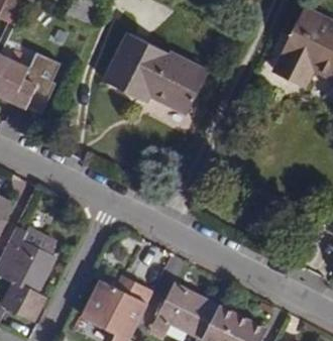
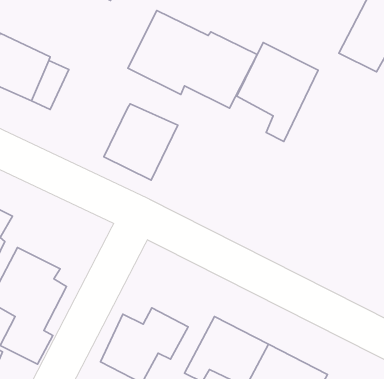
building: none -> [237,42,318,142]
building: none -> [104,104,178,180]

